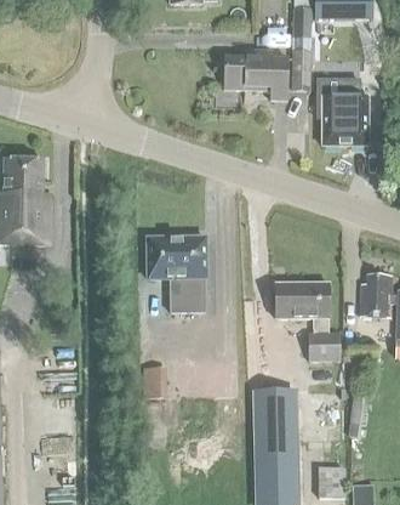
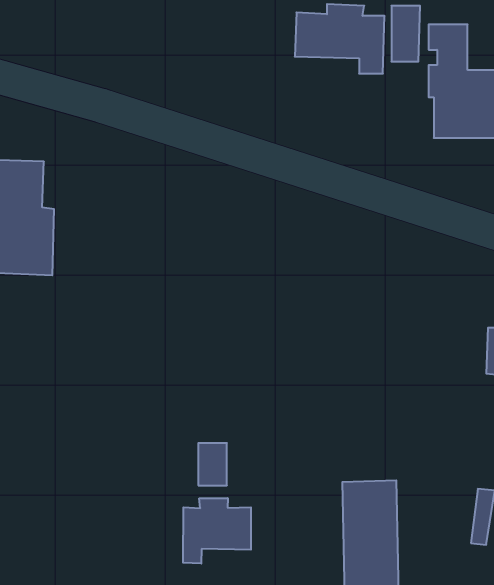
building: [145,234,208,311] -> none
building: [275,280,341,358] -> none
building: none -> [183,498,251,564]

